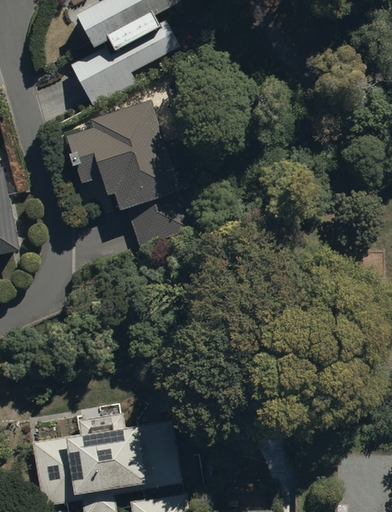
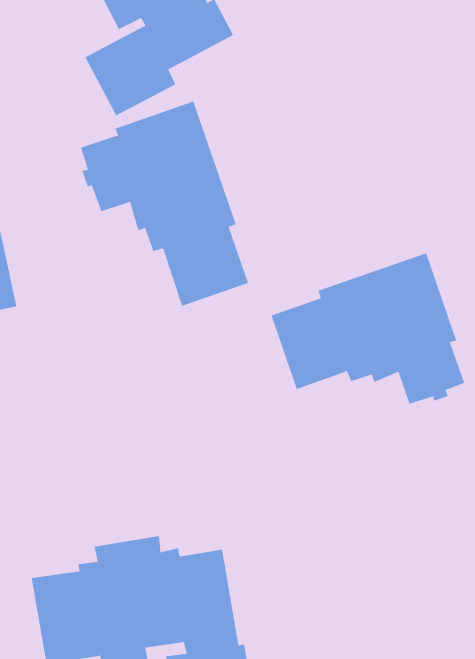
building: none -> [271,253,465,404]

